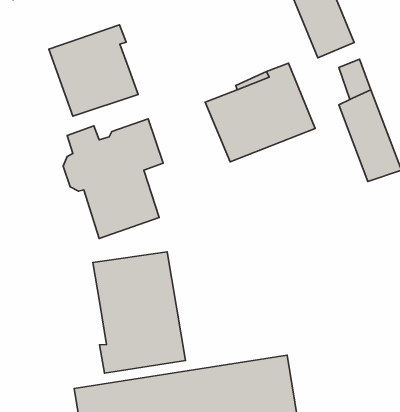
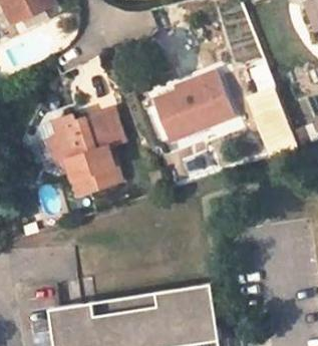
building: [49,25,138,116] -> none
building: [93,252,185,373] -> none

